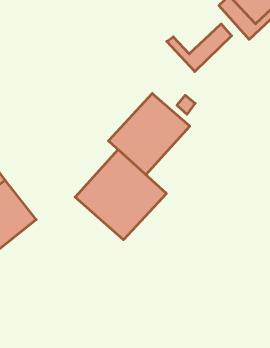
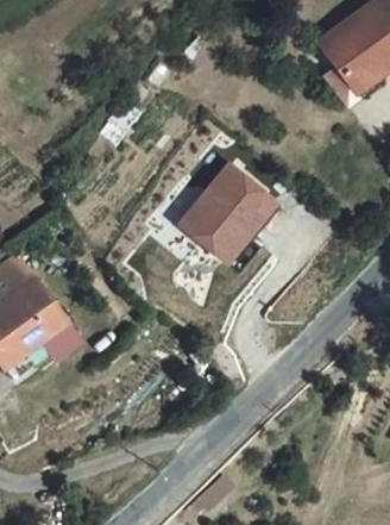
building: [167,24,232,72] -> none
building: [75,150,166,240] -> none

